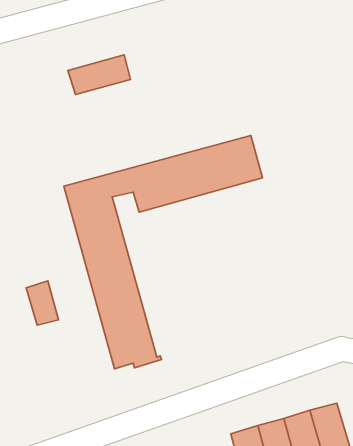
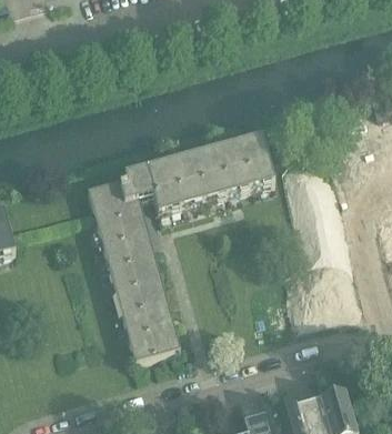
building: [68,55,131,95] -> none
building: [26,281,59,325] -> none

